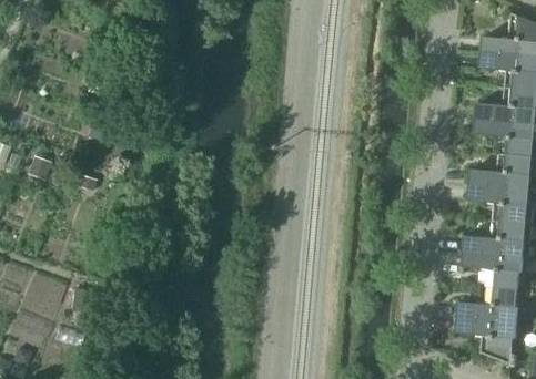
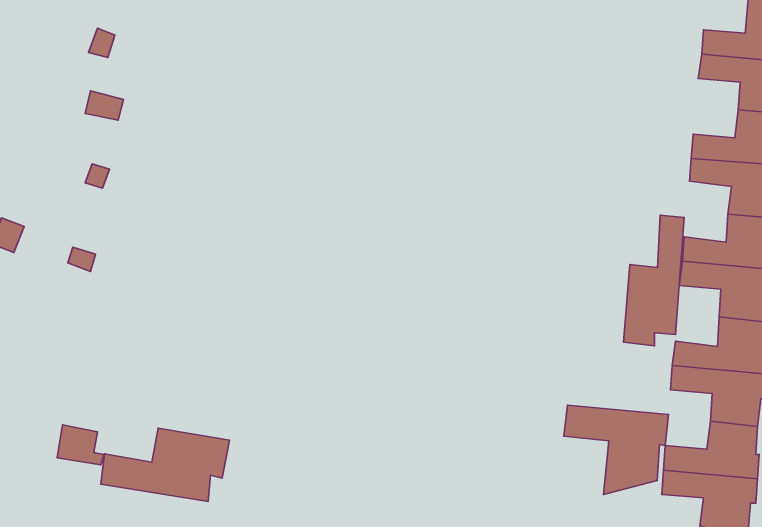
building: none -> [623,215,684,346]
building: none -> [564,405,669,494]
building: none -> [101,428,230,501]

